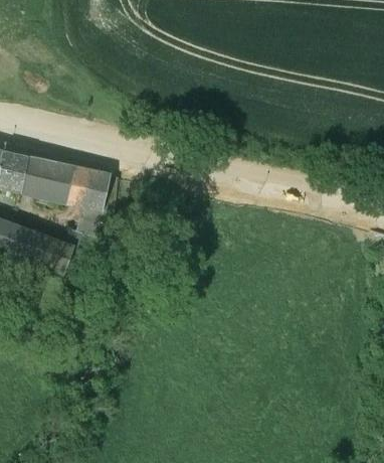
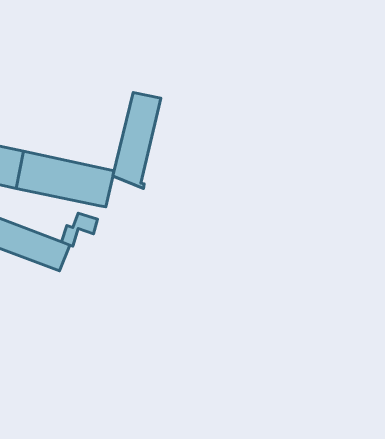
building: none -> [113,92,161,189]

